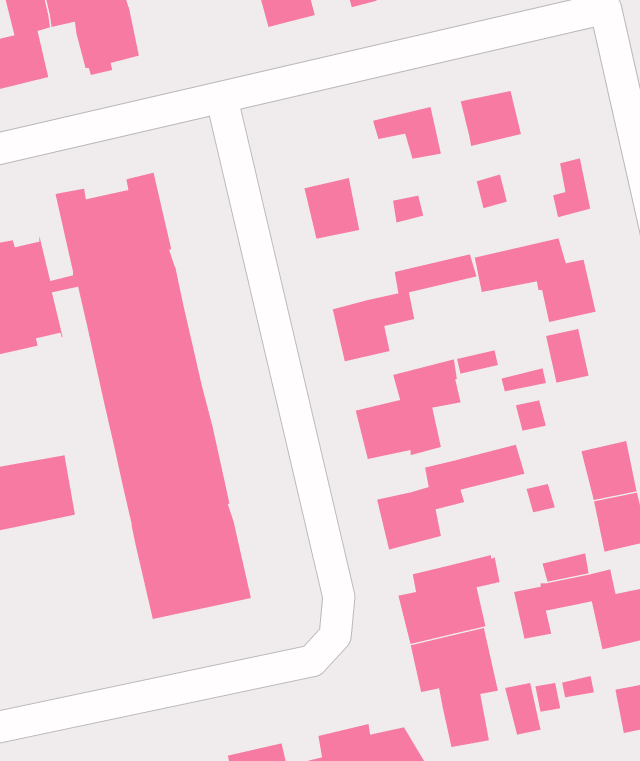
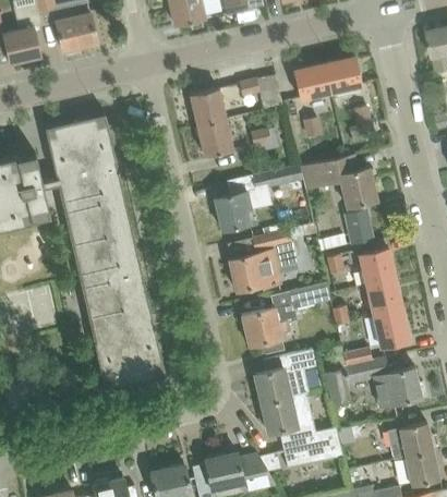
building: none -> [324,57,361,92]
building: none -> [190,88,225,124]
building: none -> [360,247,395,286]

